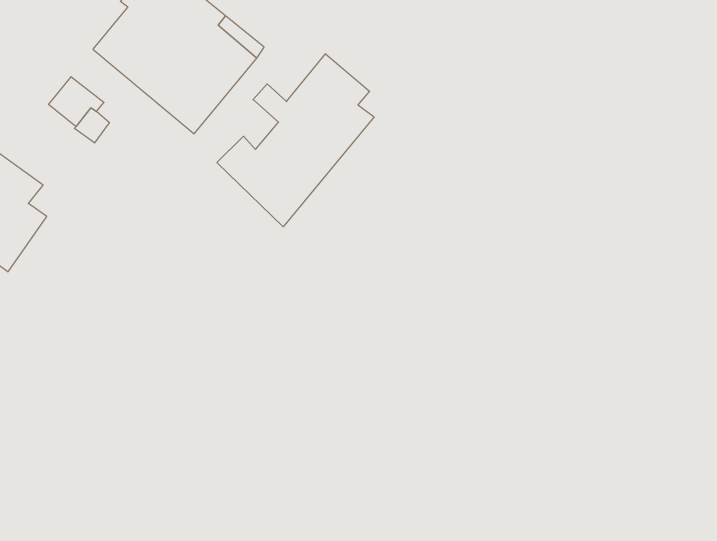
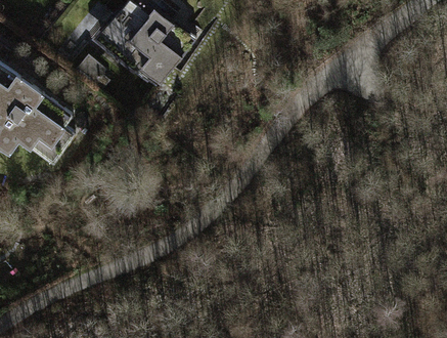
building: [217,54,374,227] -> none

